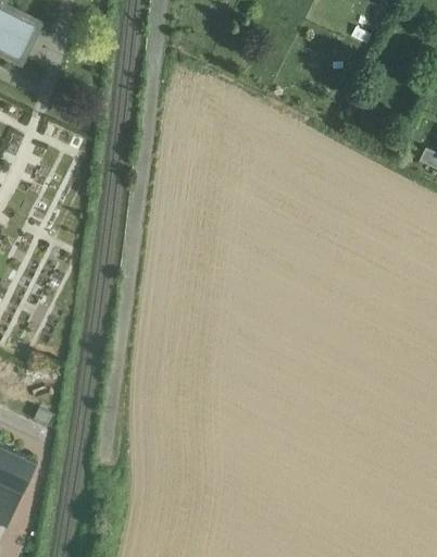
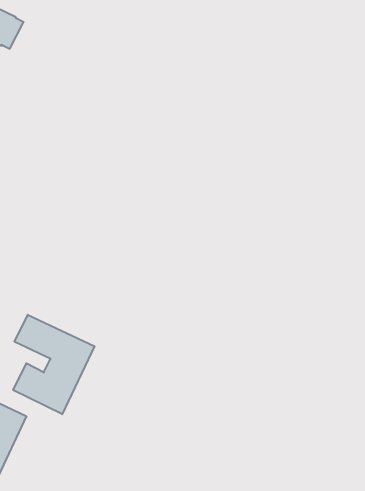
building: none -> [13,315,94,414]

